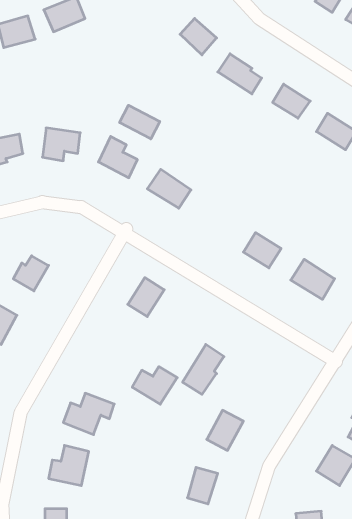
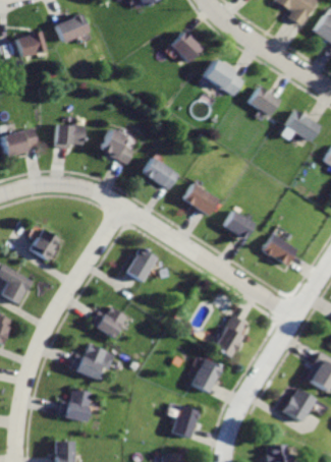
building: [120,105,160,139] -> none
building: none -> [183,184,221,216]
building: [183,344,224,394] -> [214,314,249,356]
building: [132,367,177,404] -> [91,307,128,339]

